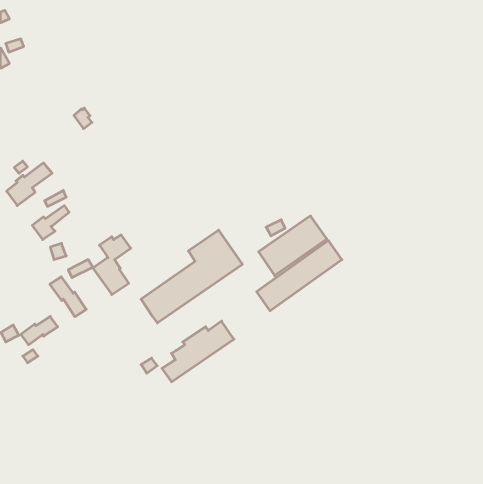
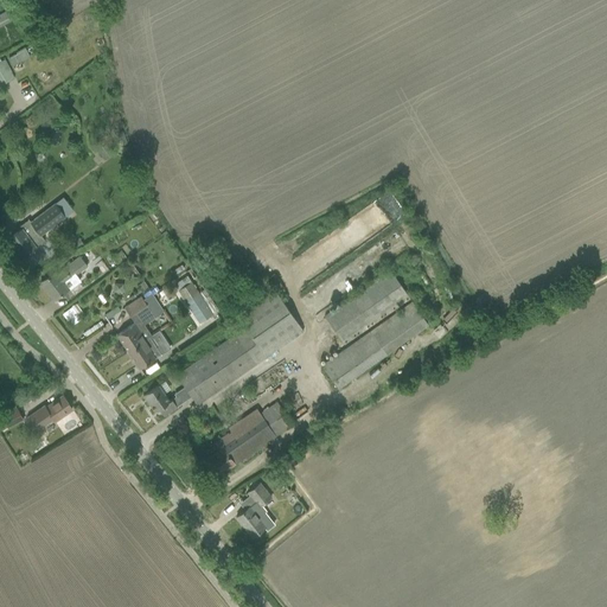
building: none -> [175,276,219,322]
building: [50,277,86,317] -> none
building: none -> [145,384,181,416]
building: none -> [237,483,273,537]

